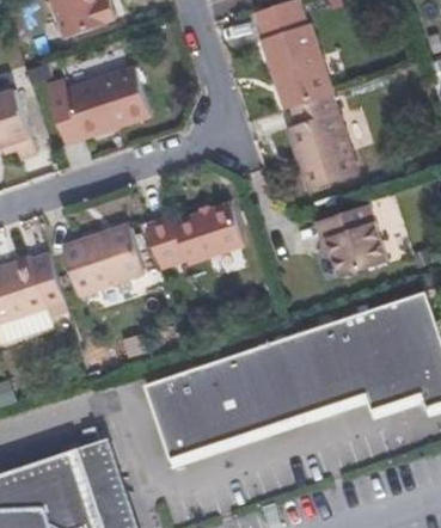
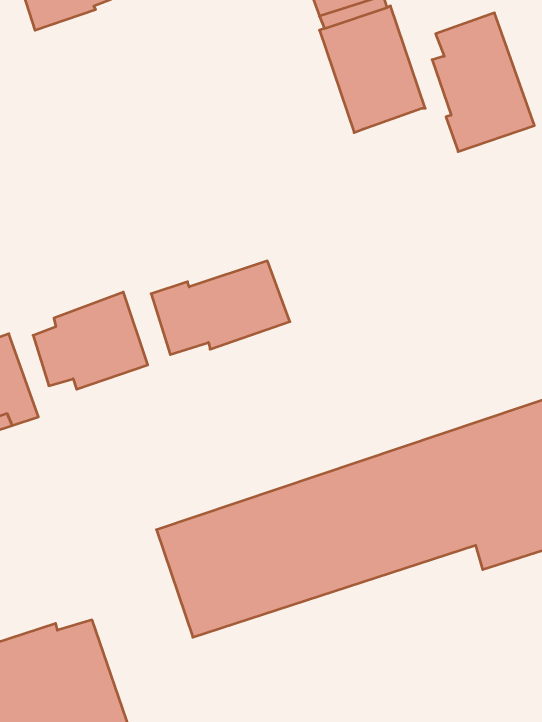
building: [44,61,152,141] -> none
building: [287,94,357,190] -> [432,13,534,152]
building: [316,198,388,274] -> none

